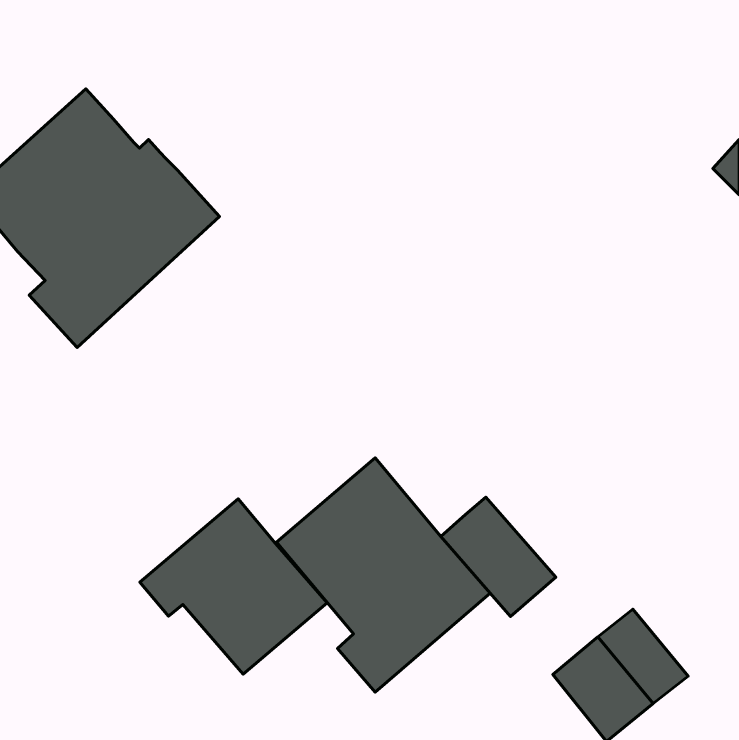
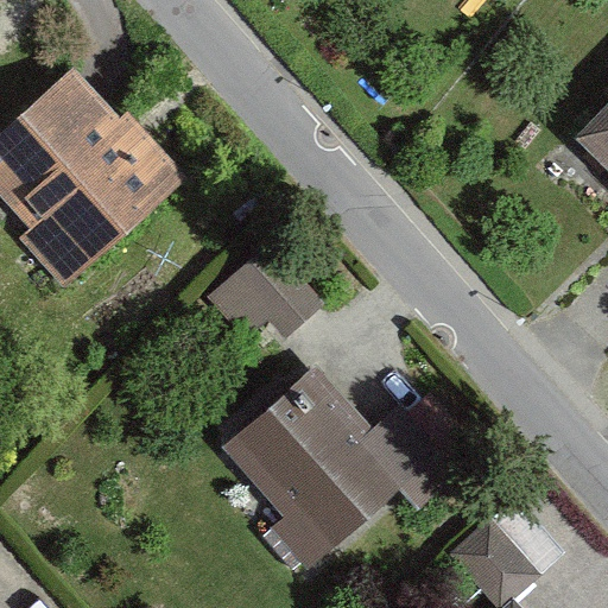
building: none -> [210,255,312,341]
building: [140,499,327,674] -> none

